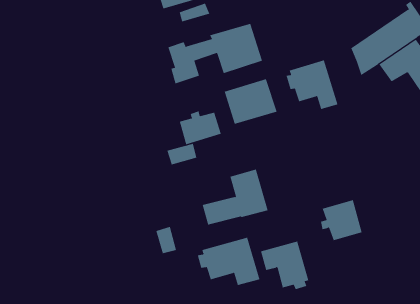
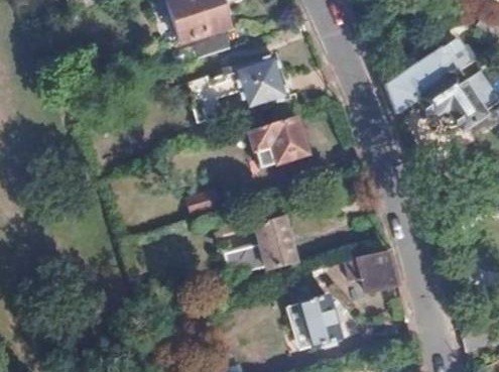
building: [286,60,338,110] -> none
building: [179,111,221,145] -> none
building: [197,237,260,286] -> none

